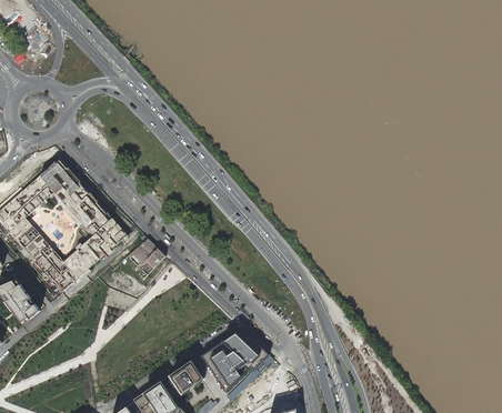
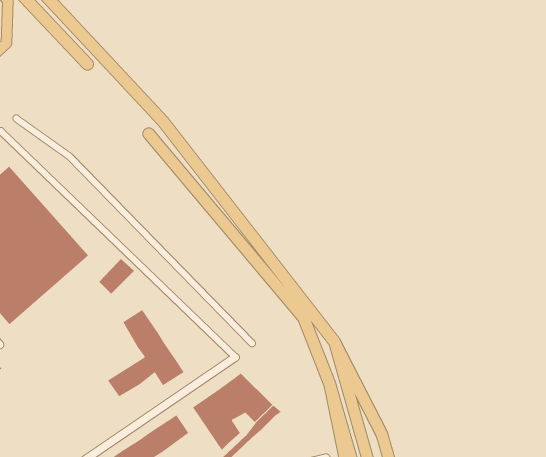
building: none -> [107,309,184,397]

